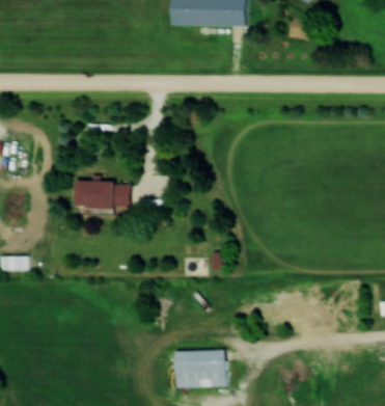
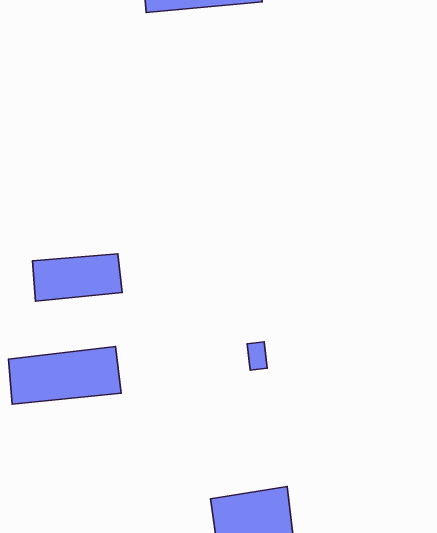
building: none -> [9,347,121,404]

